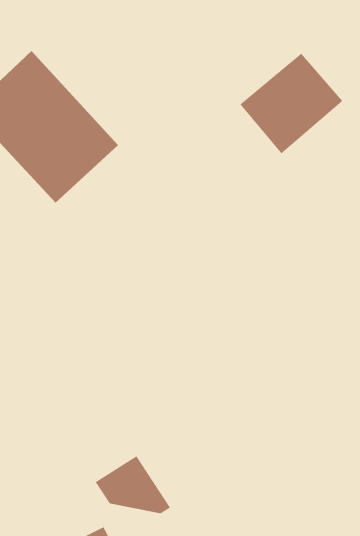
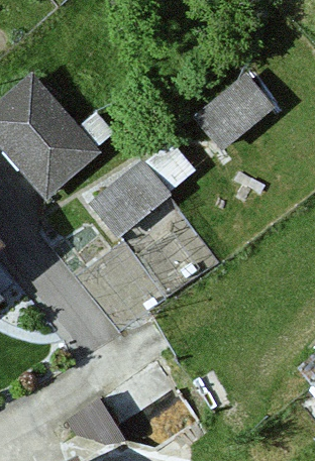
building: none -> [88,159,172,239]

